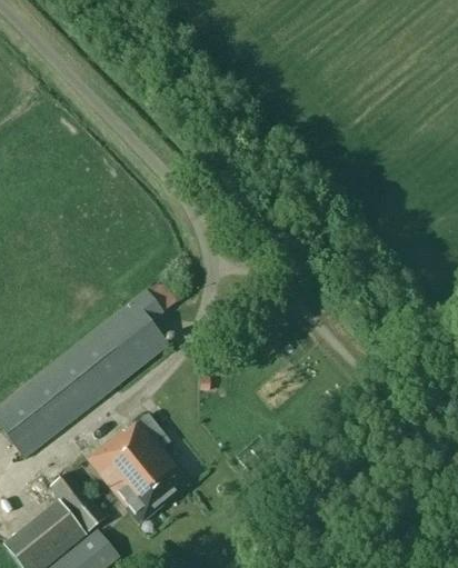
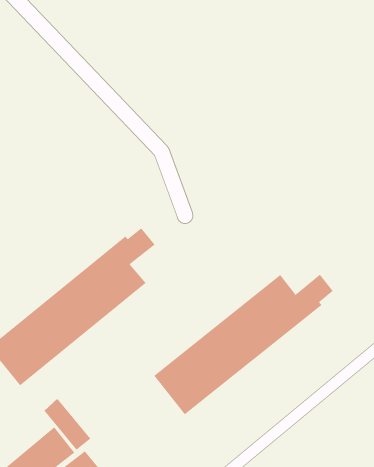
building: none -> [153,274,333,415]
building: [88,413,190,522] -> none

